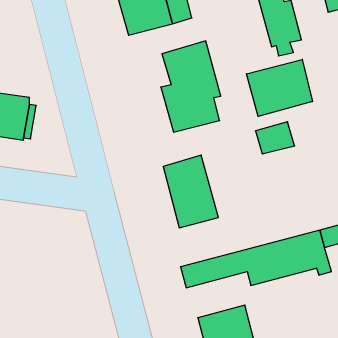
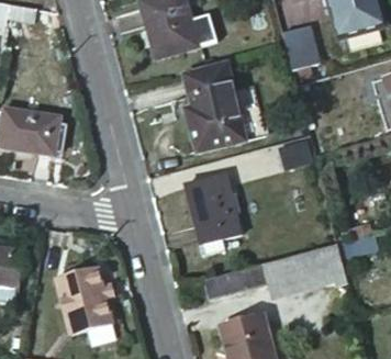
building: [246,59,312,116] -> none
building: none -> [58,271,110,334]

